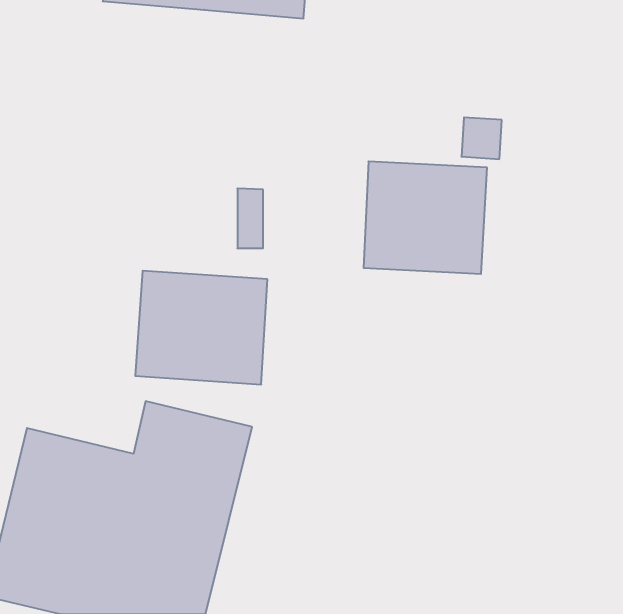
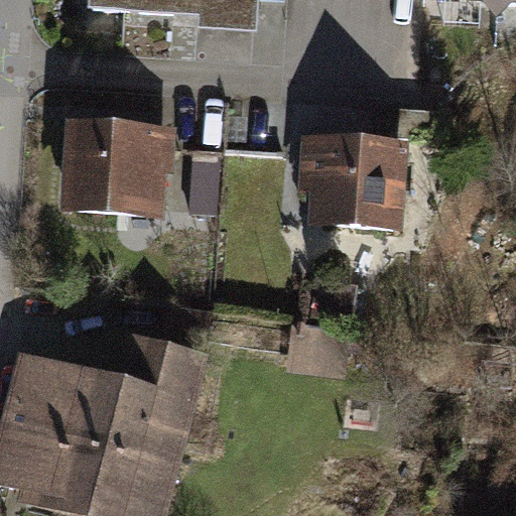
building: [135,271,267,384] -> [61,126,170,220]

